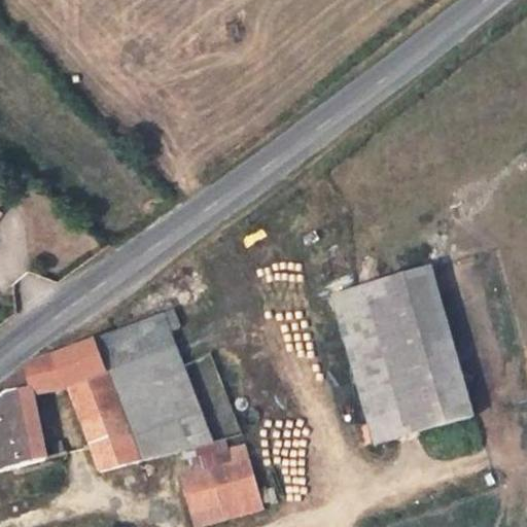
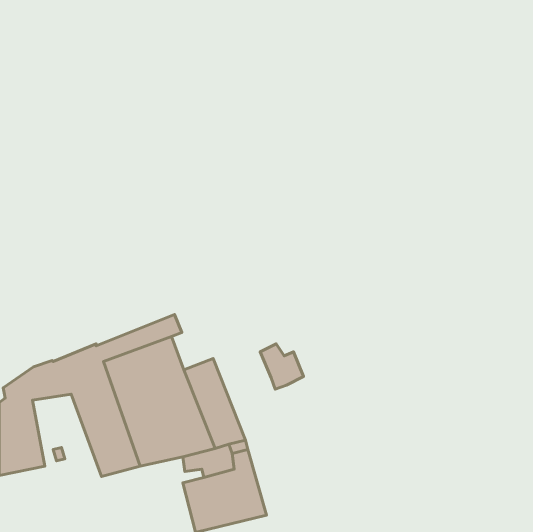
building: [333,269,472,443] -> none
building: none -> [260,344,303,389]

